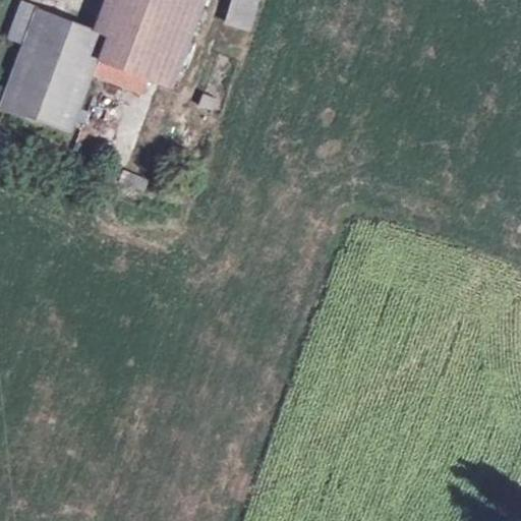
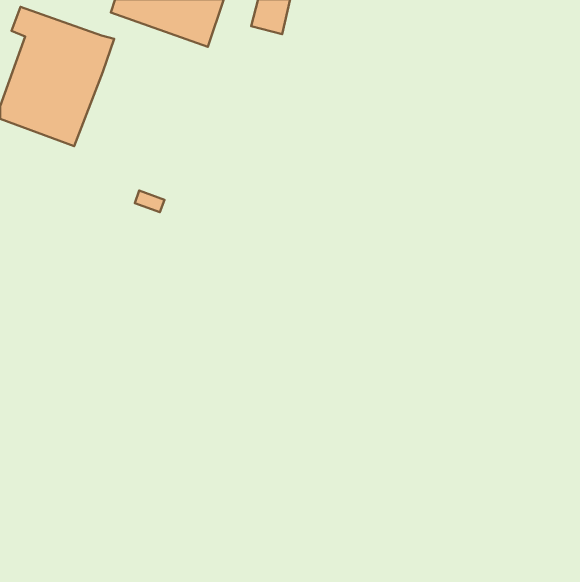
building: [94,11,188,94] -> none

